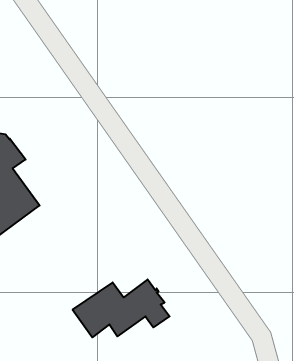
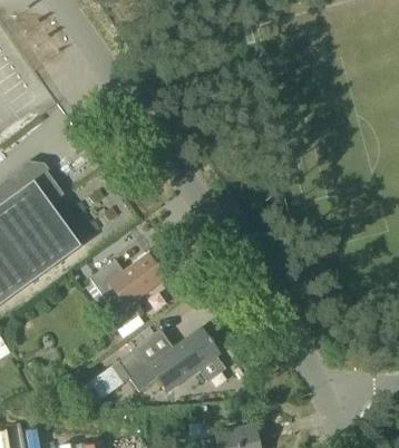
building: none -> [88,254,165,308]

